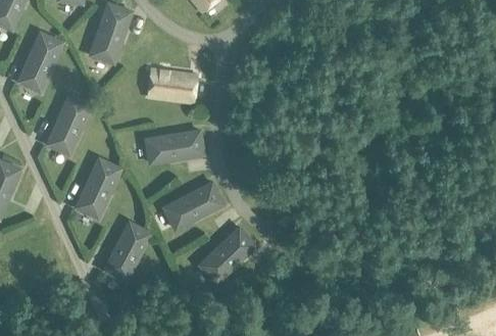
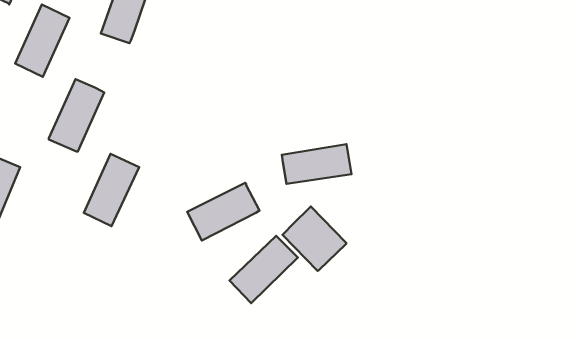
building: [145,69,195,103] -> none
building: [145,130,204,163] -> [282,144,351,184]
building: none -> [282,207,346,271]
building: [103,222,151,282] -> none

